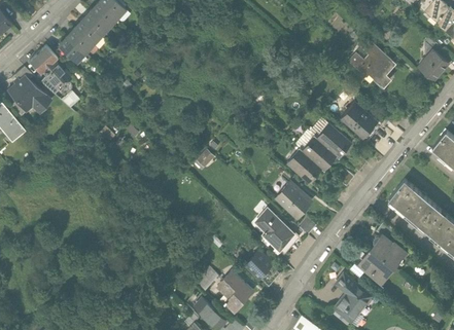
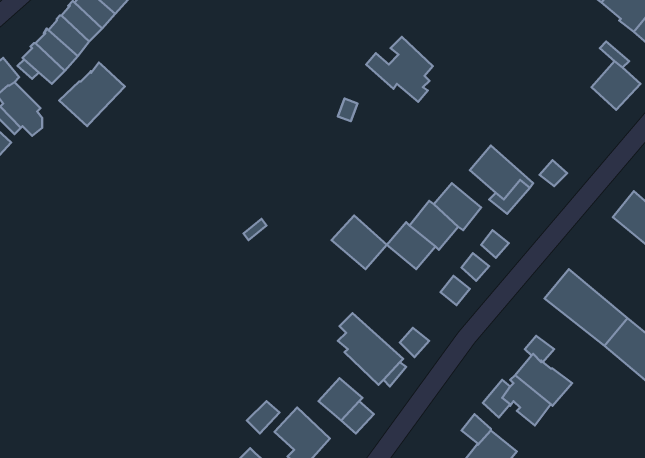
building: [349,43,391,84] -> [366,37,433,102]
building: none -> [59,63,125,126]
building: [276,183,311,217] -> [331,216,387,269]

